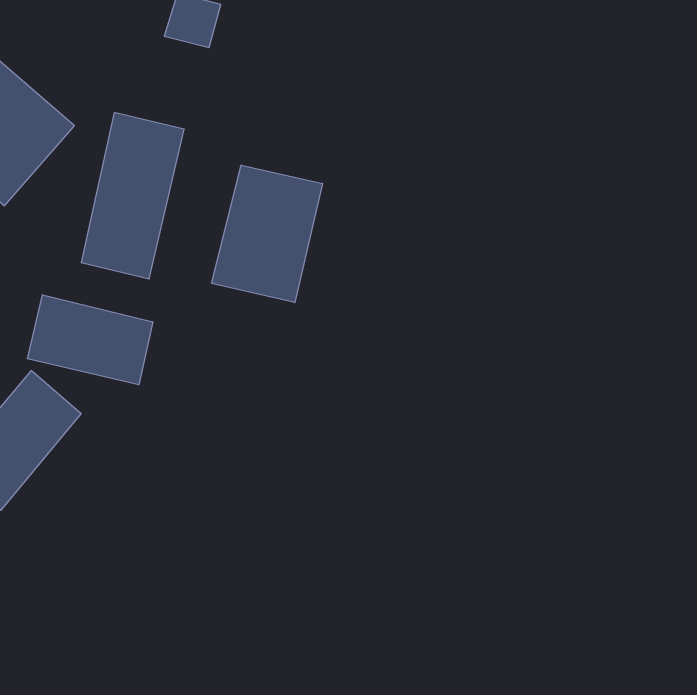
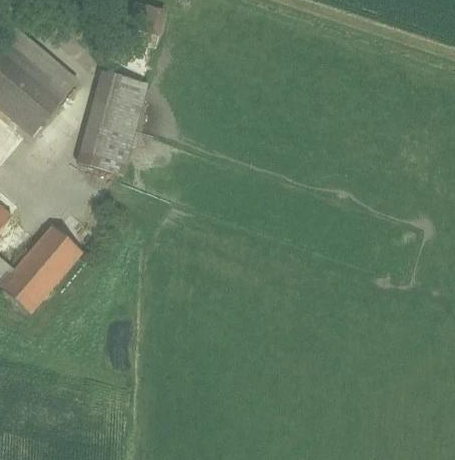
building: [212,165,322,303] -> none
building: [27,295,153,385] -> none

